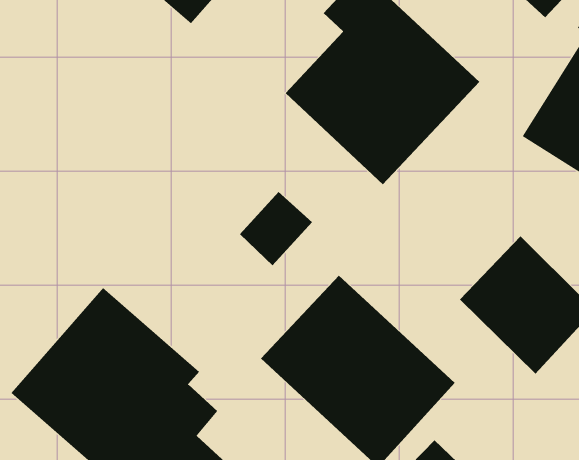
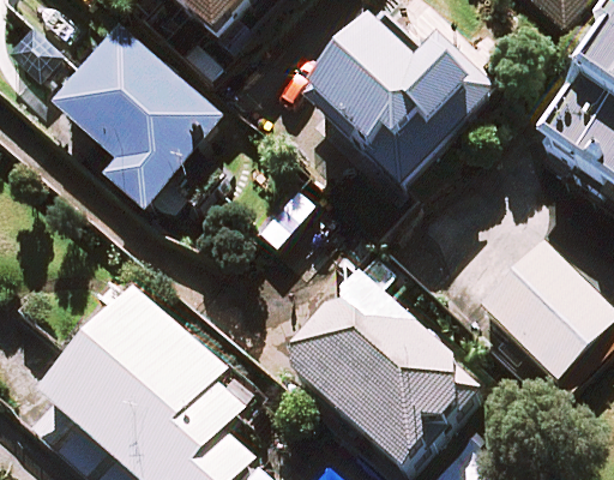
building: none -> [52,24,221,208]

